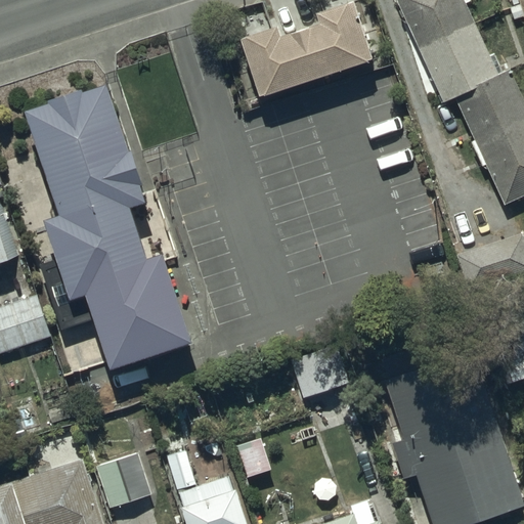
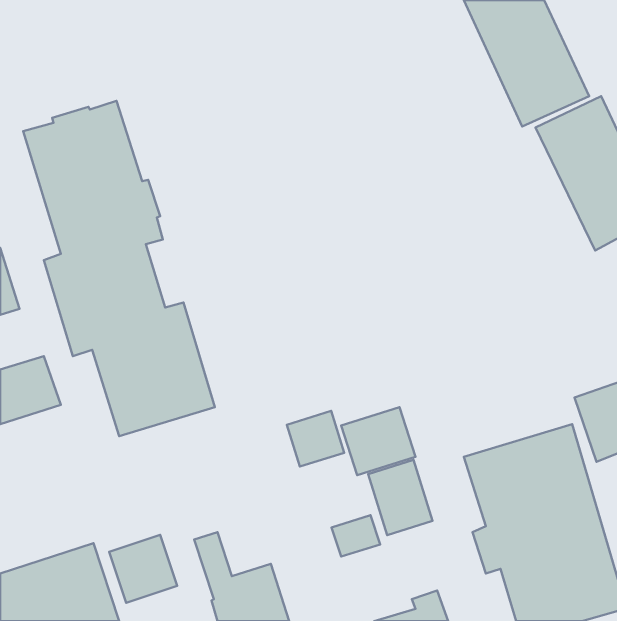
building: [245,6,378,104] -> none
building: none -> [287,411,344,467]
building: none -> [368,460,433,535]

